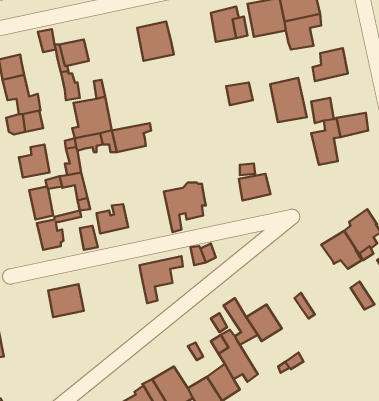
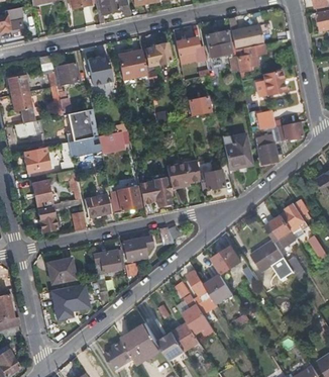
building: none -> [144,43,170,87]
building: none -> [87,55,111,84]
building: [270,78,307,122] -> [222,133,251,169]
building: none -> [166,161,199,190]
building: none -> [107,179,140,212]
building: none -> [250,240,284,271]
building: none -> [211,246,240,274]
building: none -> [92,249,124,292]
building: none -> [52,292,80,316]

